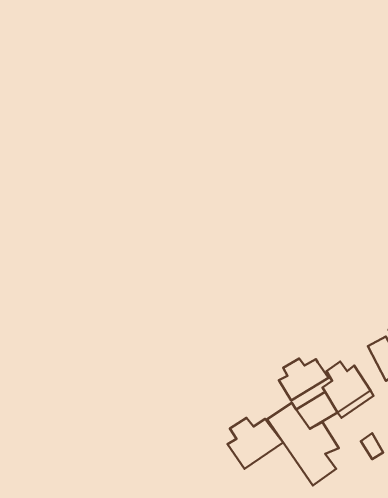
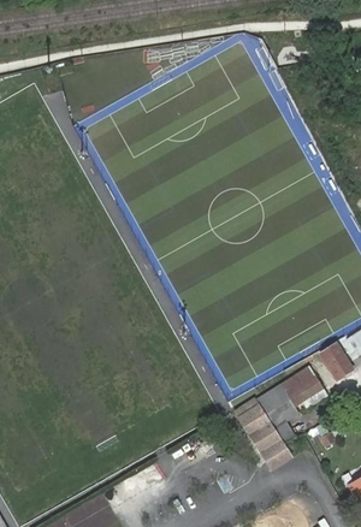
building: [279,358,329,400] -> none
building: [227,418,283,469] -> none

